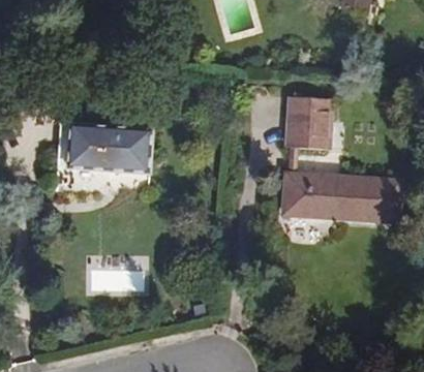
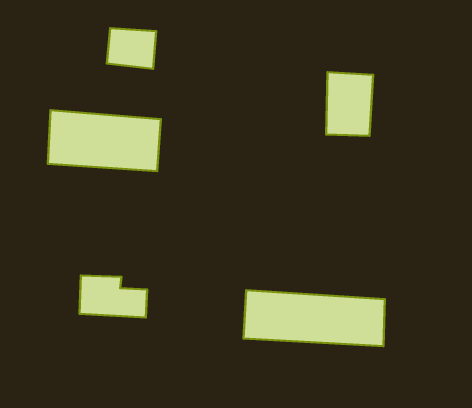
building: none -> [107,28,156,69]
building: [281,173,396,218] -> [244,290,385,346]

